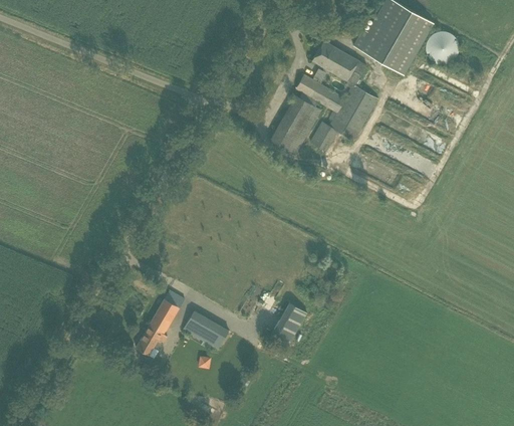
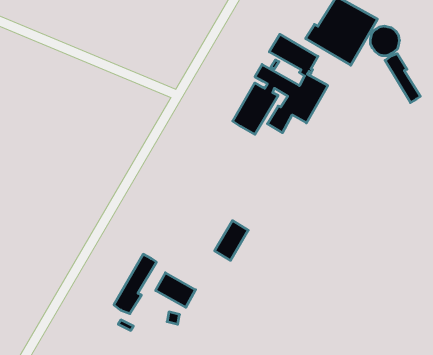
building: none -> [385,54,420,103]
building: [269,302,307,348] -> [215,221,248,260]

